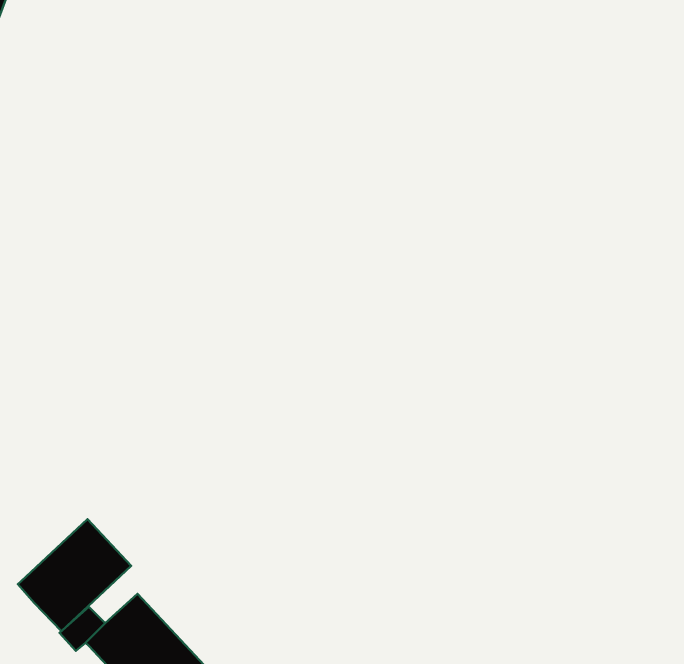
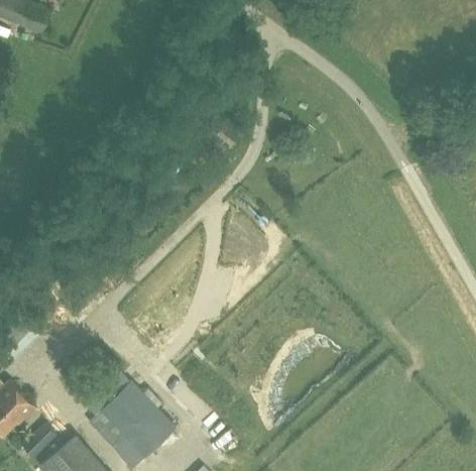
building: [18,519,131,631] -> none

